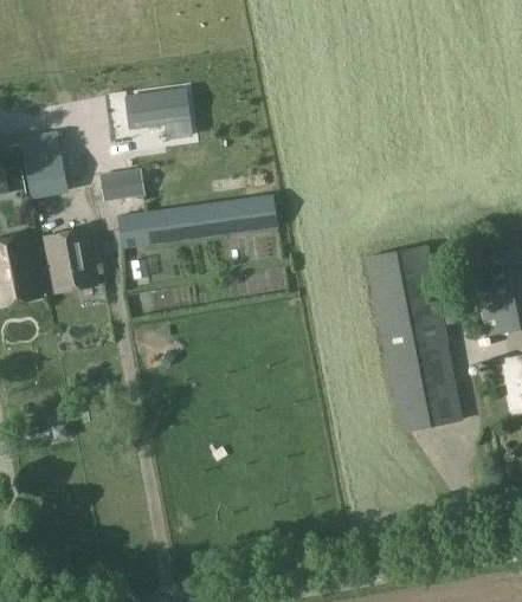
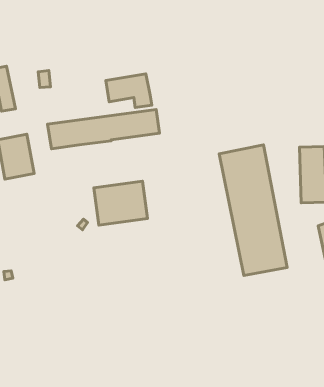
building: [124,79,191,128] -> [106,74,152,107]
building: [99,170,142,201] -> none
building: none -> [94,181,147,225]

